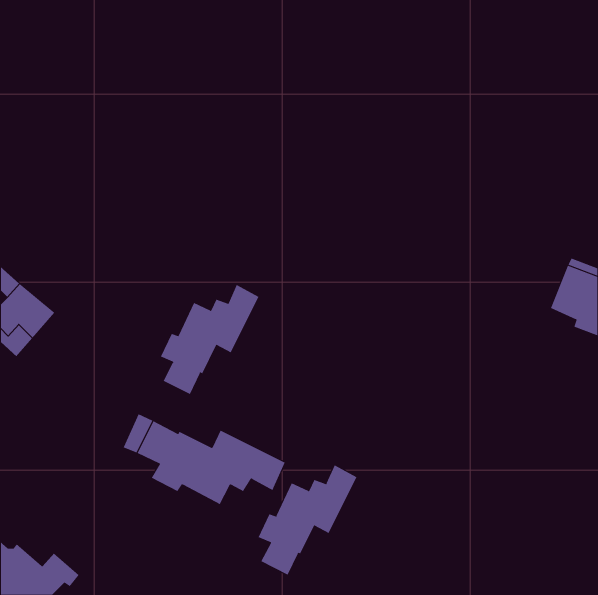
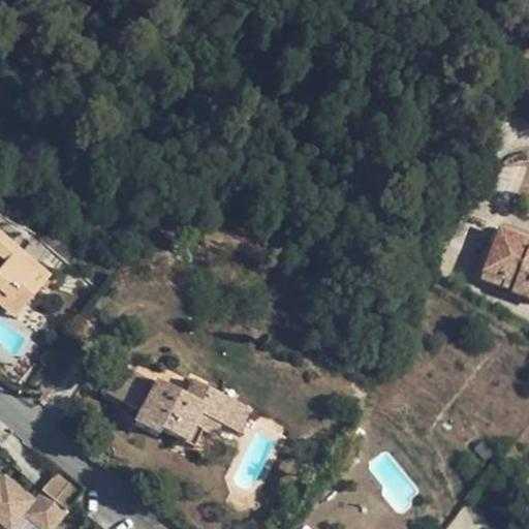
building: [160,284,259,395] -> none
building: [258,464,357,575] -> none

